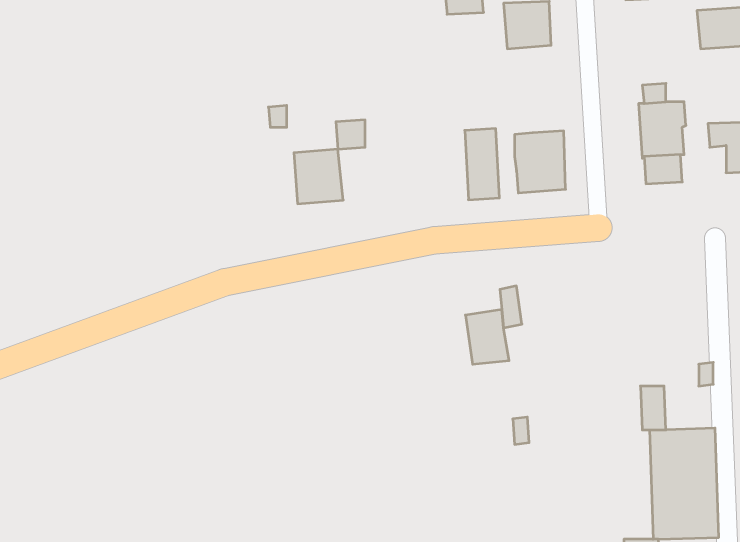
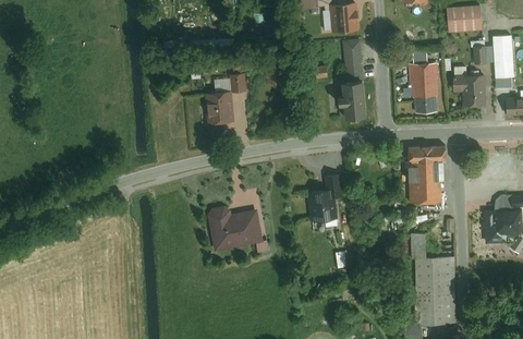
building: [465,129,499,200] -> [345,39,366,82]
building: none -> [403,148,445,203]
building: none -> [207,207,258,247]

